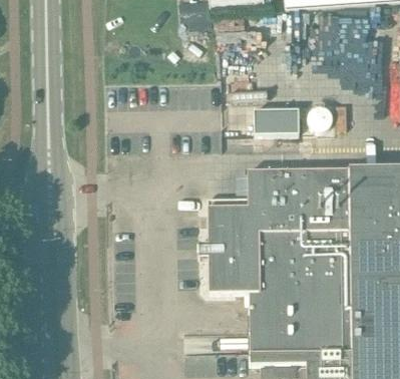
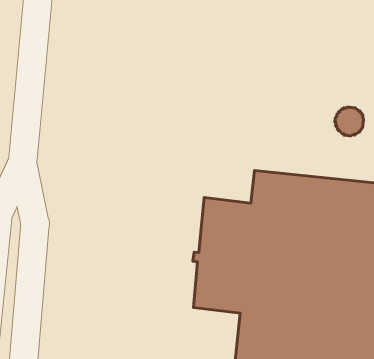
building: [256,107,301,132] -> none

